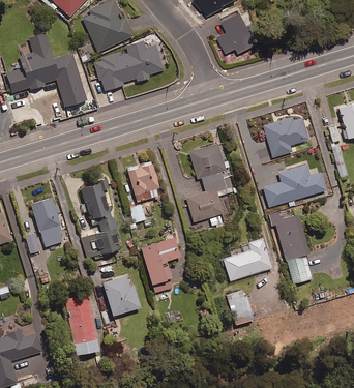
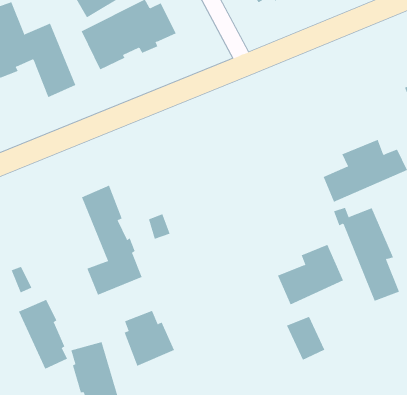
building: [262,116,308,156] -> none
building: [185,142,232,225] -> none
building: [127,159,159,201] -> none
building: [30,193,63,245] -> [18,299,68,370]
building: [140,234,180,292] -> none

